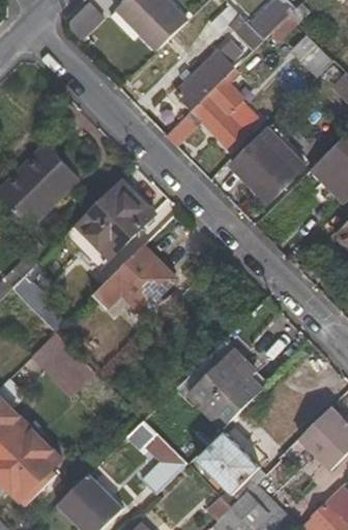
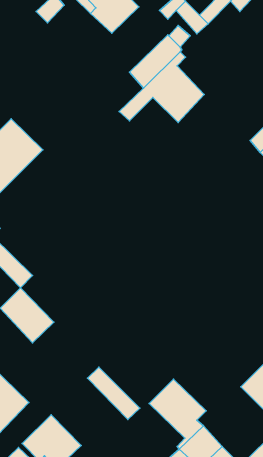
building: [231,137,297,202] -> none
building: [63,177,156,269] -> none
building: [93,244,176,314] -> none
building: [186,354,262,430] -> none

